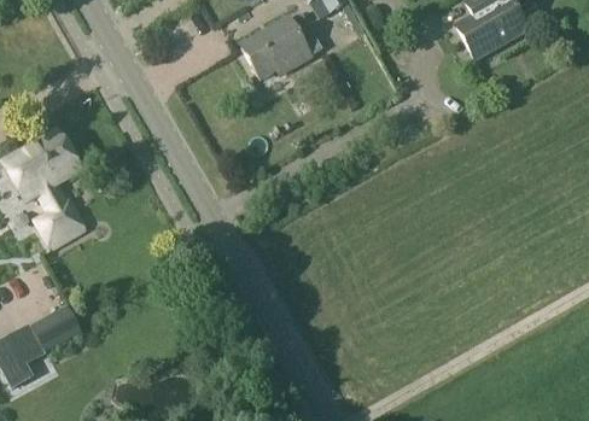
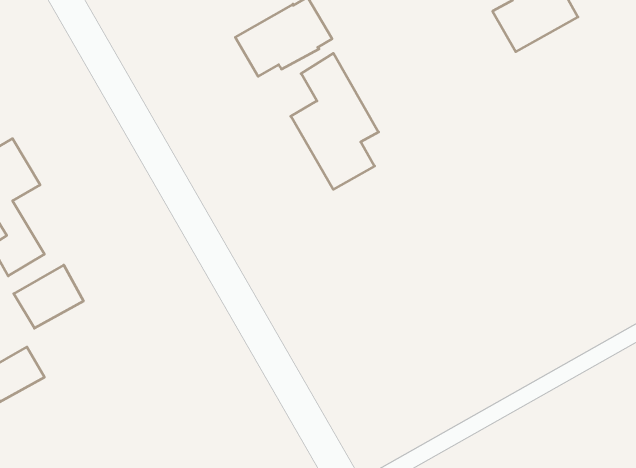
building: none -> [291,53,379,189]
building: none -> [14,265,83,328]

